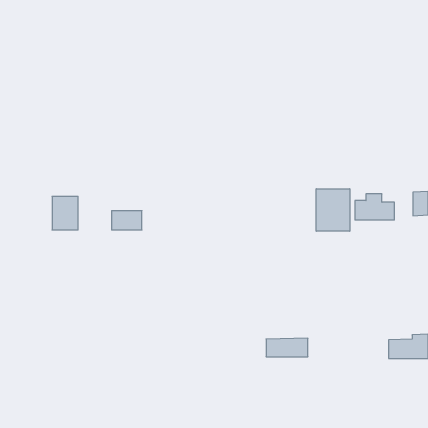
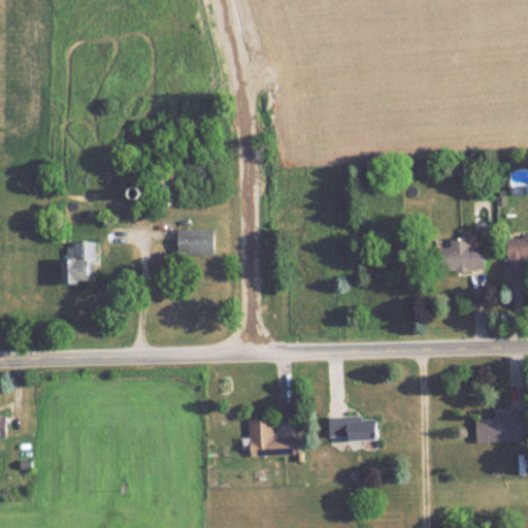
building: [316,189,350,231] -> none
building: [112,211,142,230] -> [178,230,216,254]
building: none -> [249,418,296,457]

